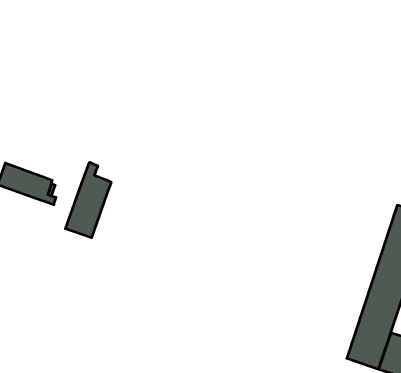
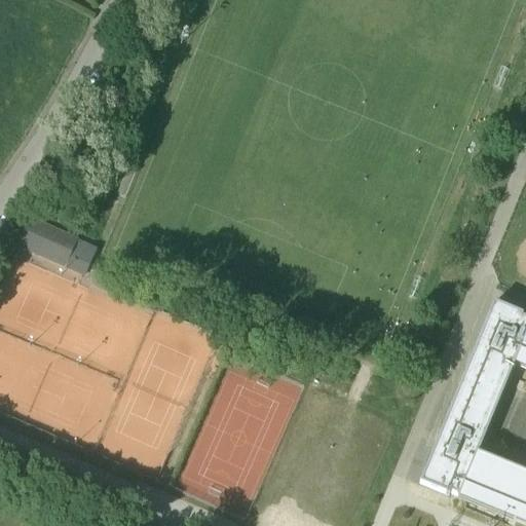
building: [65,162,111,238] -> none

